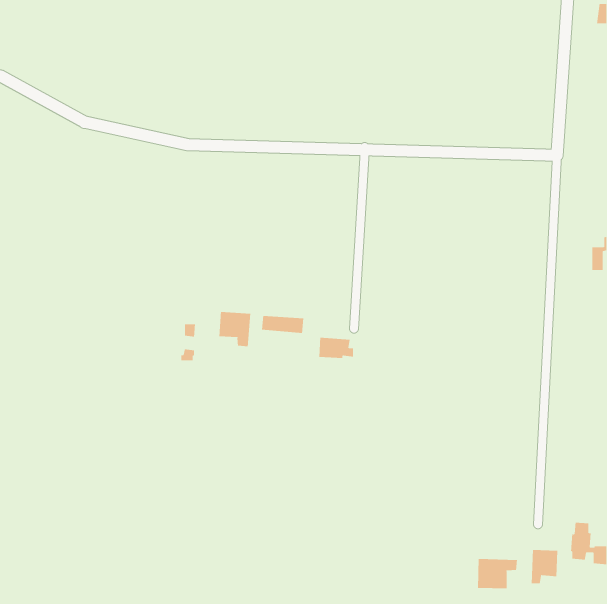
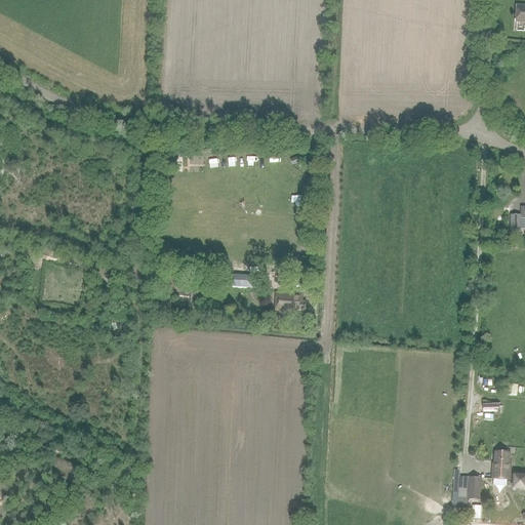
building: [219,311,251,347] -> none
building: [477,558,517,589] -> none

